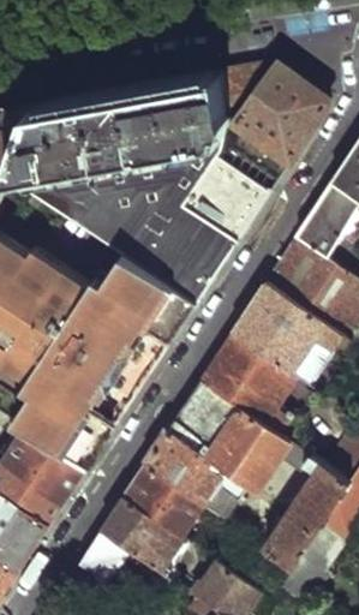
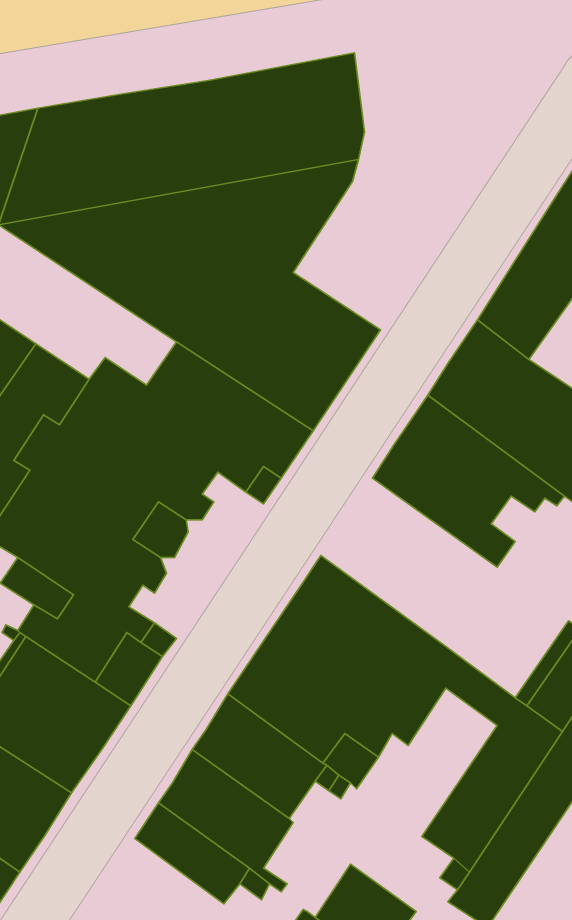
building: [221,62,328,163] -> none
building: [184,151,275,241] -> none
building: [201,332,309,434] -> none

